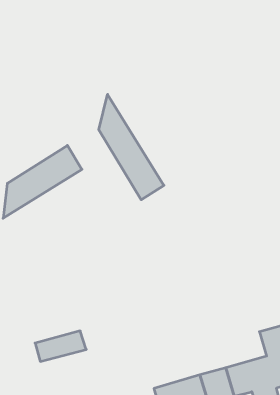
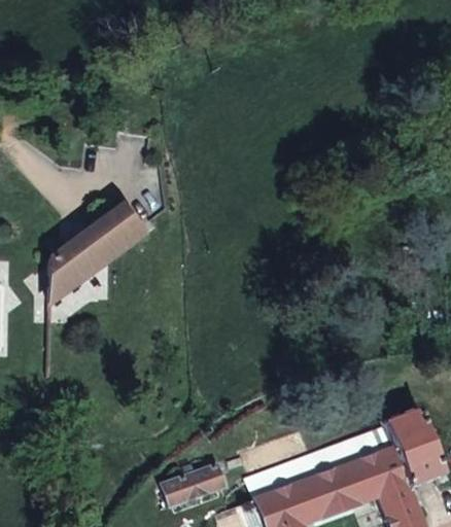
building: [99,94,164,200] -> none
building: [35,331,86,361] -> [163,463,228,505]

